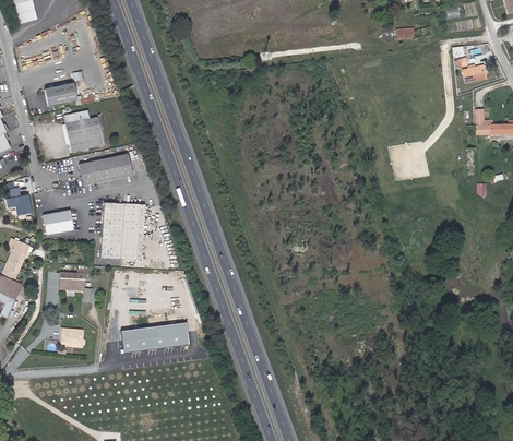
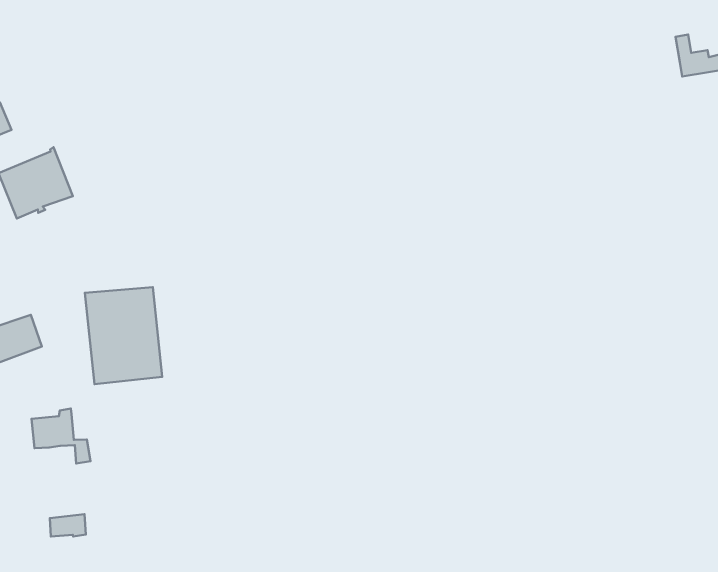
building: [79,154,132,184] -> none
building: [120,321,189,353] -> none

